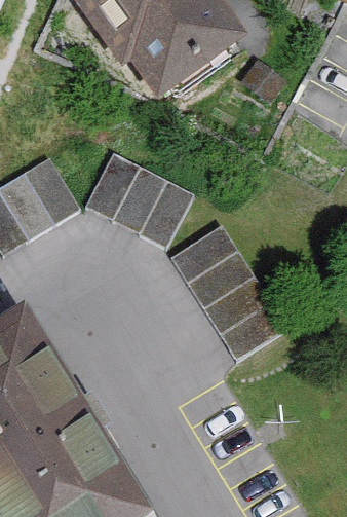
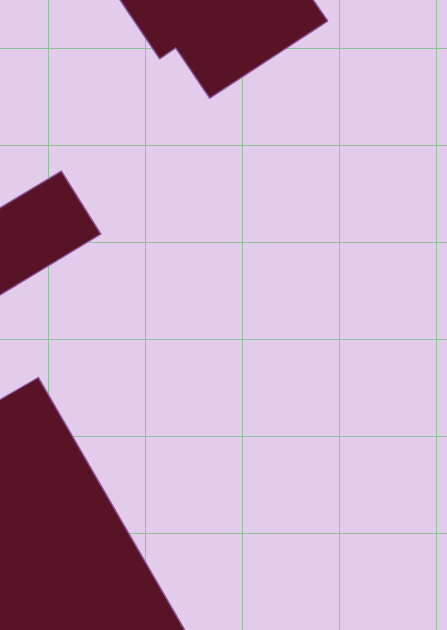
building: [93,156,192,242] -> none
building: [175,225,284,355] -> none

